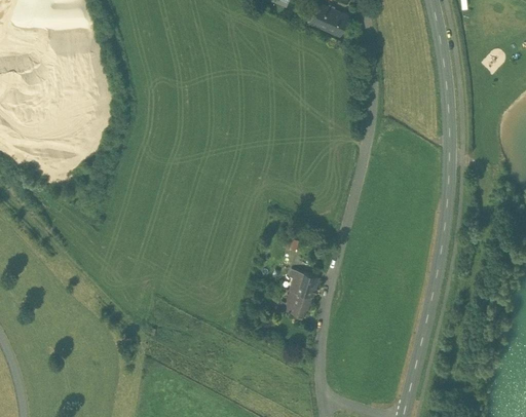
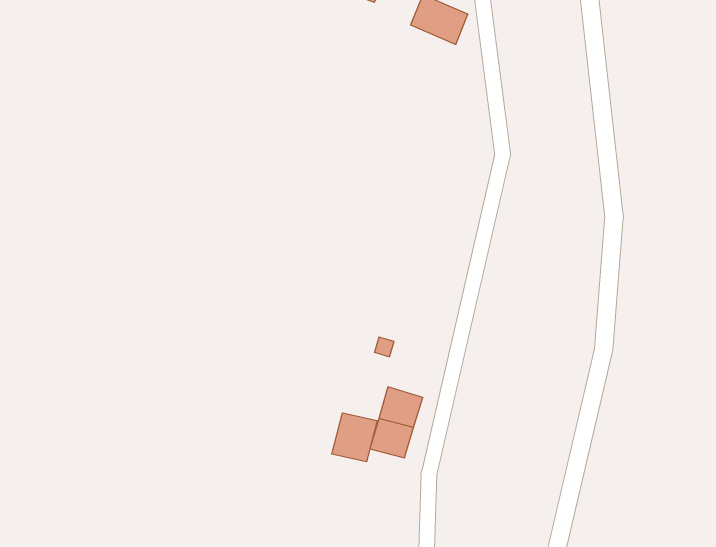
building: none -> [332,413,377,462]

